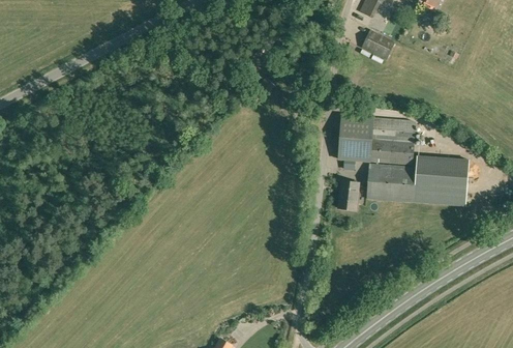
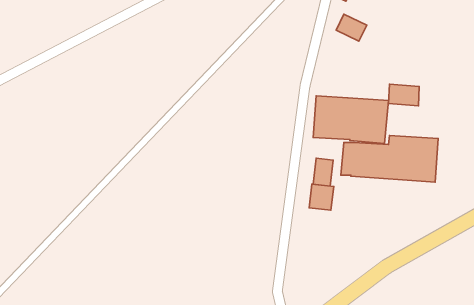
building: none -> [388,84,419,106]
building: none -> [309,184,334,210]

